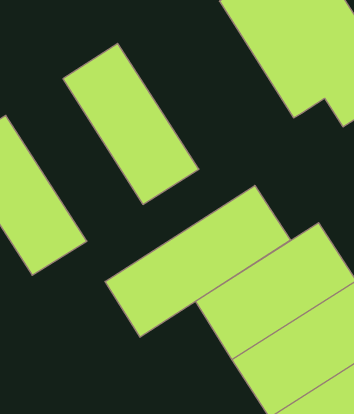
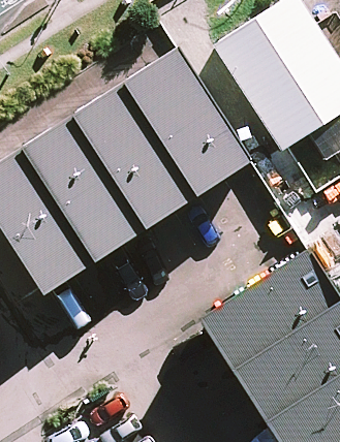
building: none -> [124,48,253,196]
building: none -> [23,115,147,261]
building: [105,185,290,337] -> none

